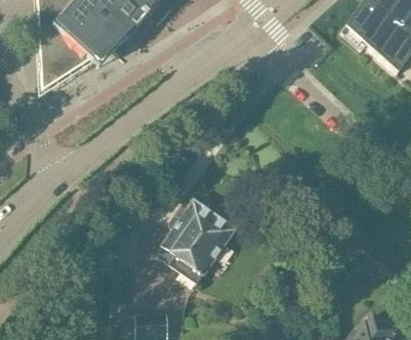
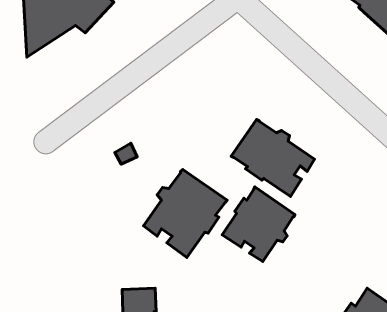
building: none -> [231,119,315,197]
building: none -> [222,187,295,261]

